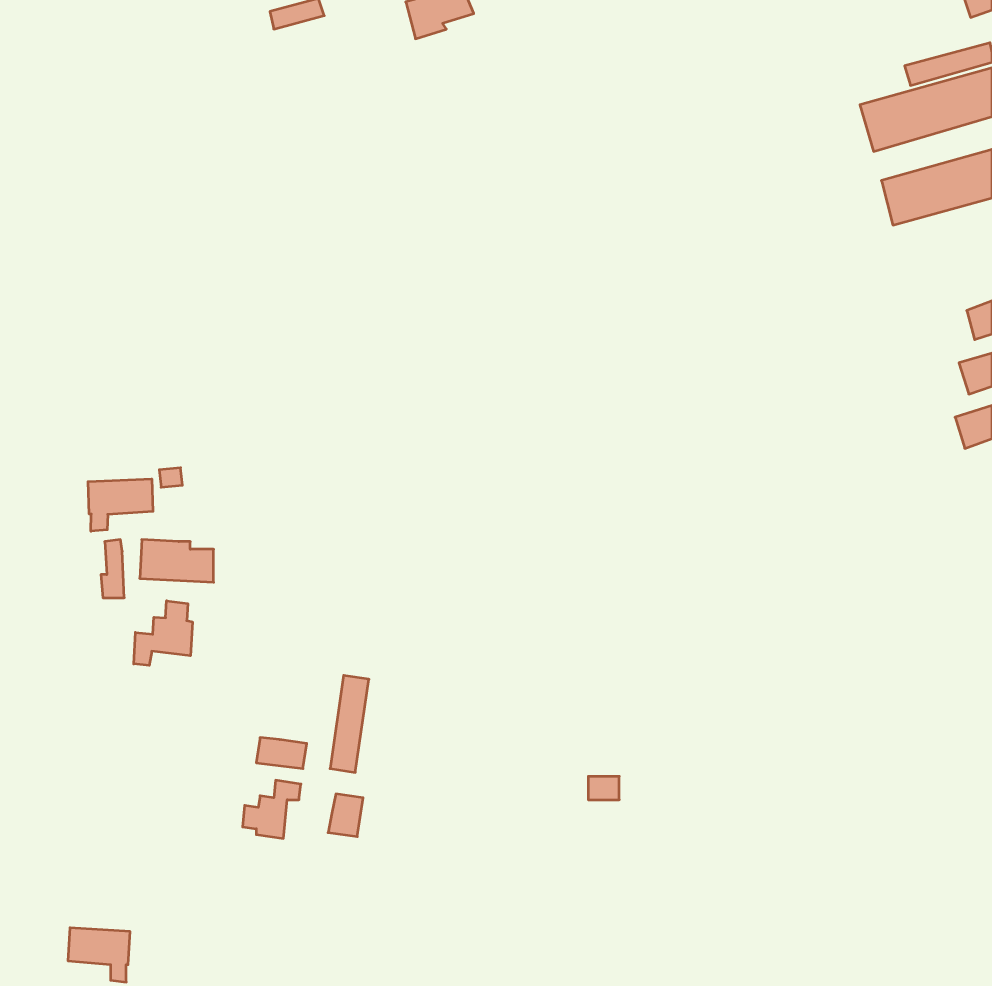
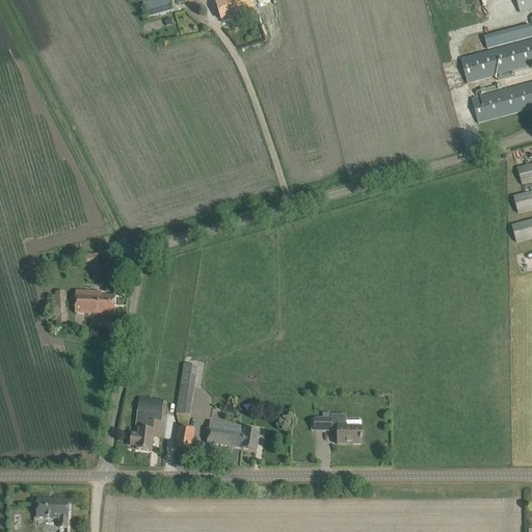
building: [88,479,153,531] -> none
building: [134,601,192,665] -> none
building: none -> [338,418,362,442]
building: none -> [207,419,260,449]

